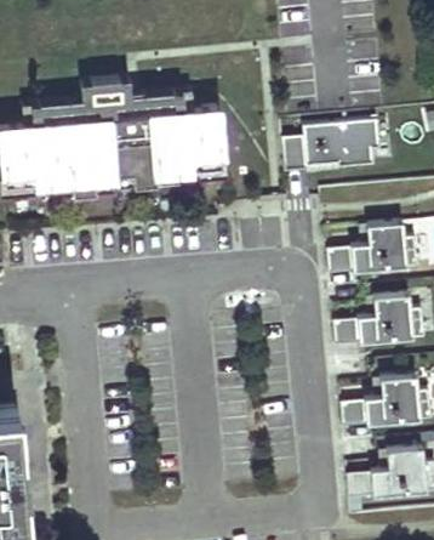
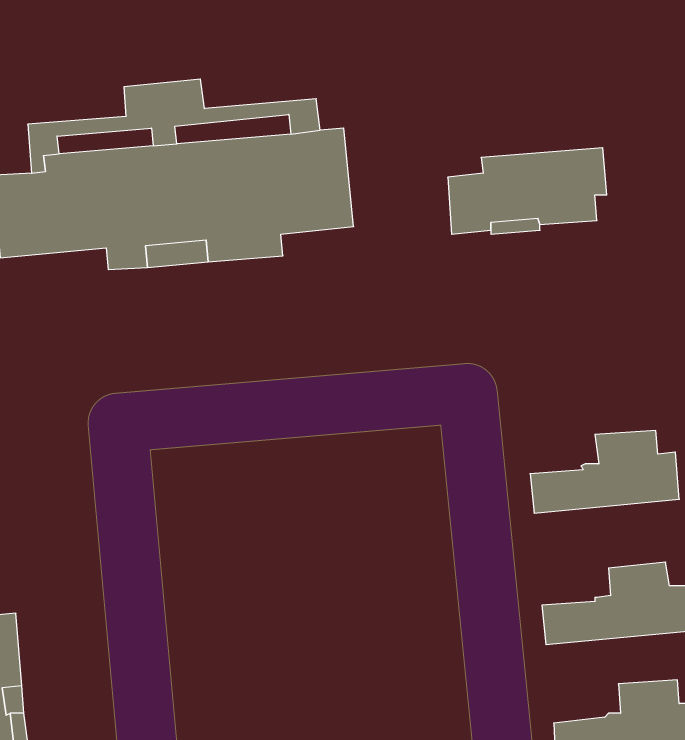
building: [326,223,418,274] -> none

